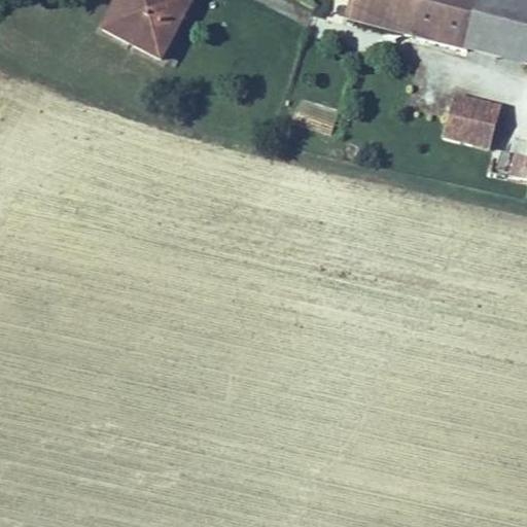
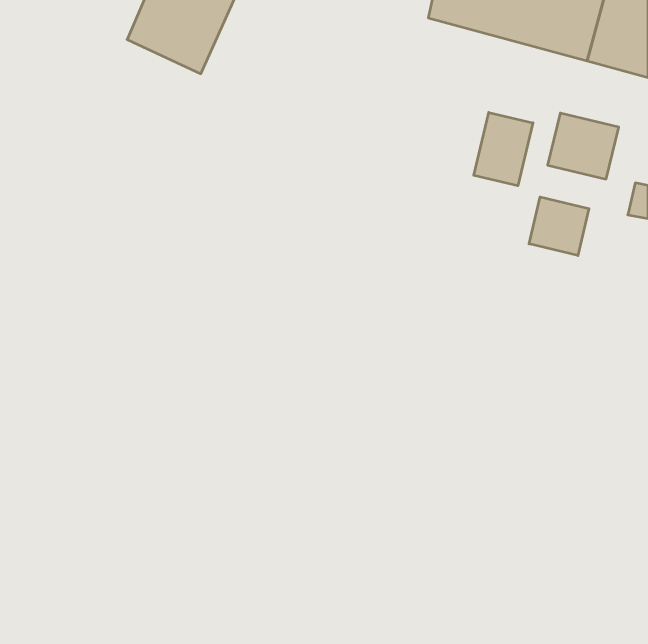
building: none -> [474,112,533,186]
building: none -> [529,197,589,256]

